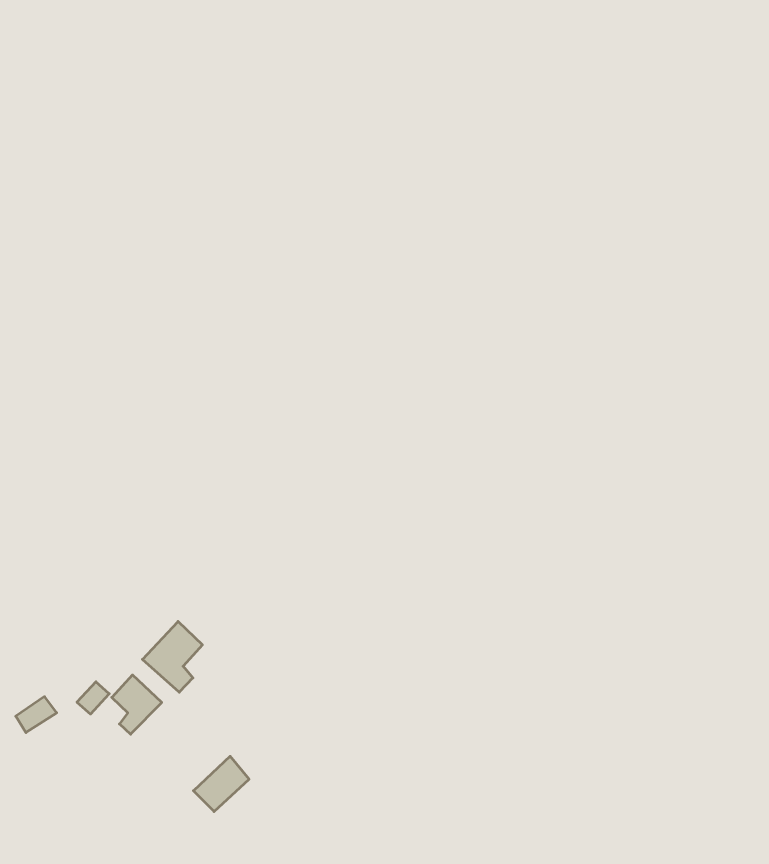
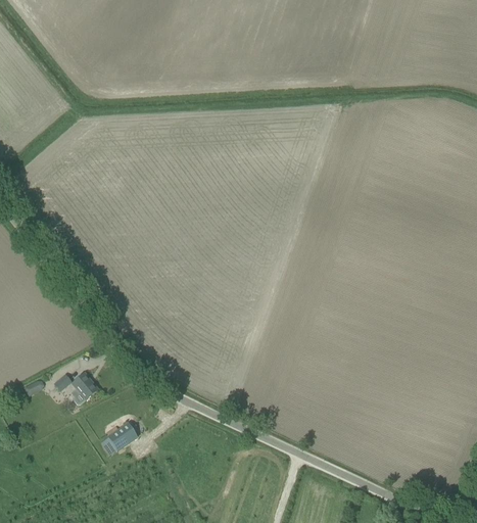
building: [142,621,202,692] -> none

